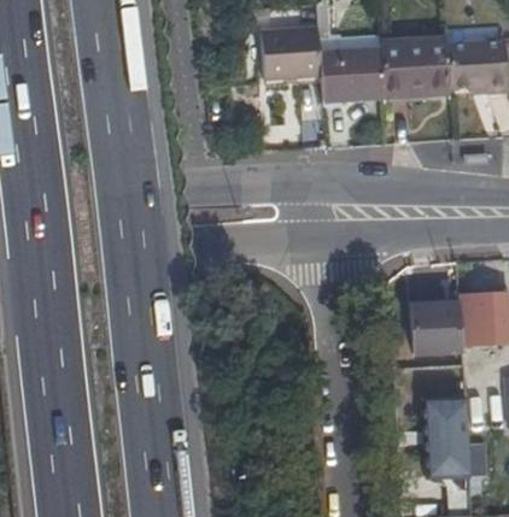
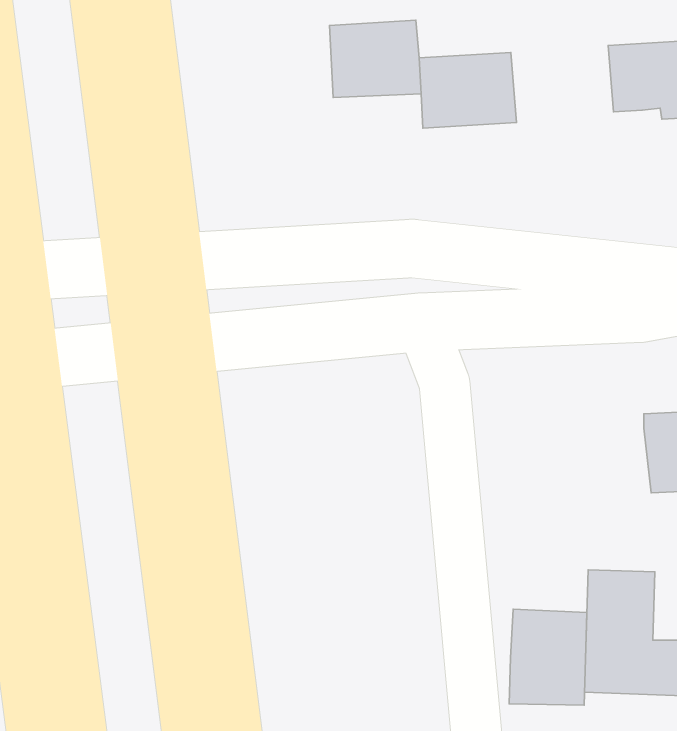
building: [376,36,446,98] -> none
building: [419,302,472,354] -> none
building: none -> [509,609,587,705]

